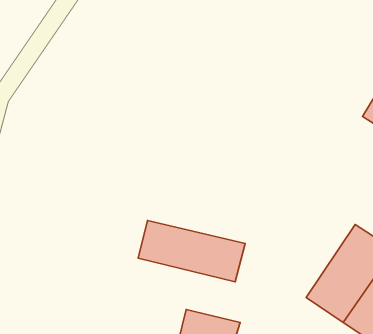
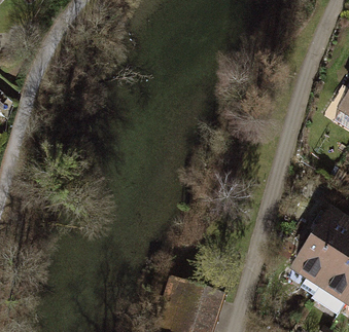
building: [138,220,245,282] -> none

